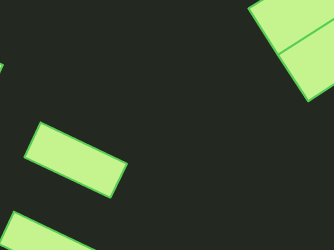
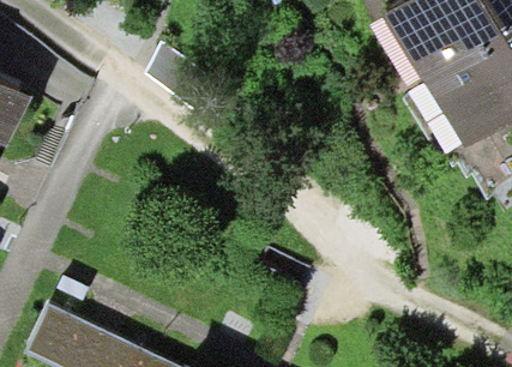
building: [25,122,127,198] -> none

